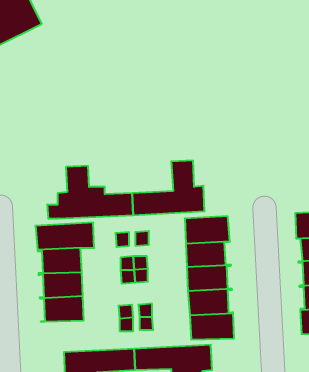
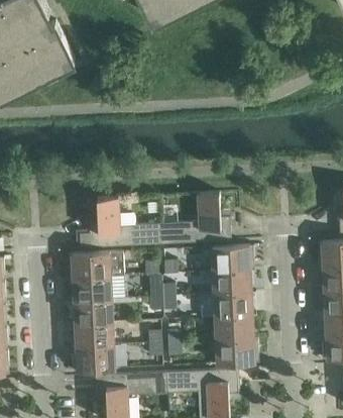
building: none -> [73,344,116,370]

